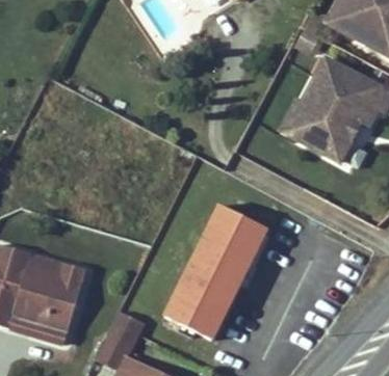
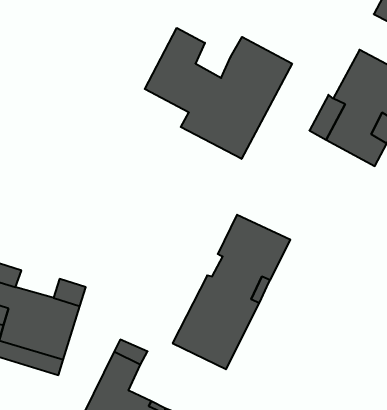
building: none -> [145,28,292,159]

